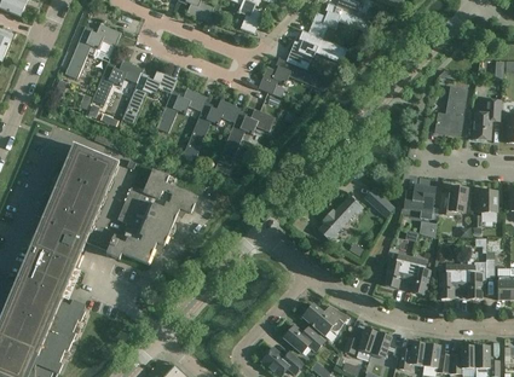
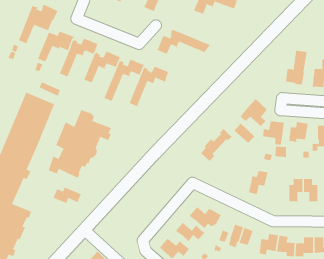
building: [288,31,343,69] -> none
building: none -> [240,98,268,127]
building: [406,256,429,294] -> none
building: none -> [53,187,82,204]

